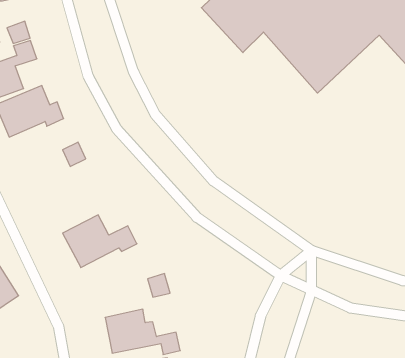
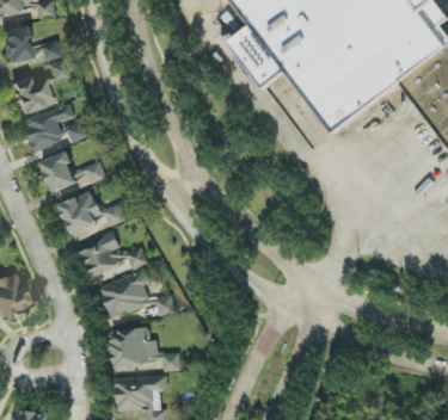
building: none -> [39,152,76,192]
building: none -> [57,191,125,235]
building: none -> [98,272,152,317]

